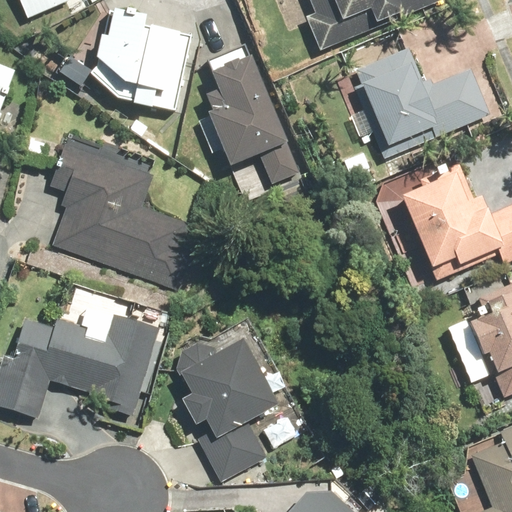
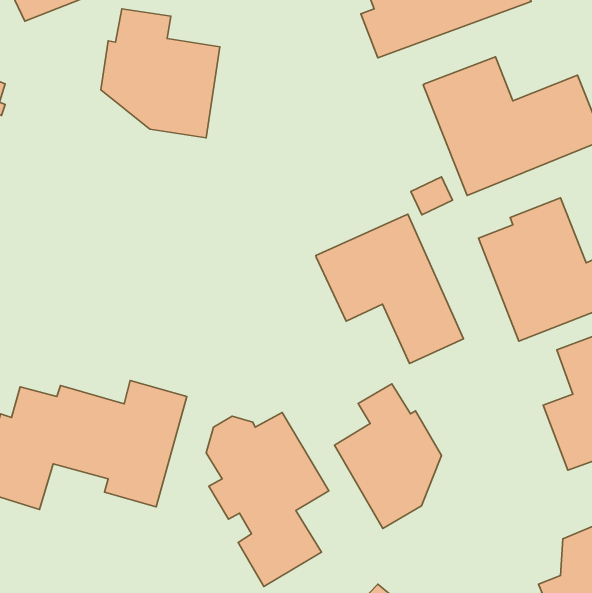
building: [204,48,302,183] -> none
building: [51,142,196,284] -> none
building: none -> [316,214,464,363]
building: none -> [334,384,442,528]

